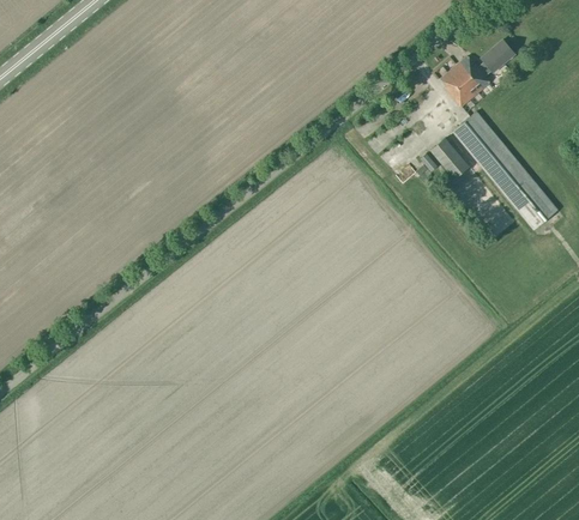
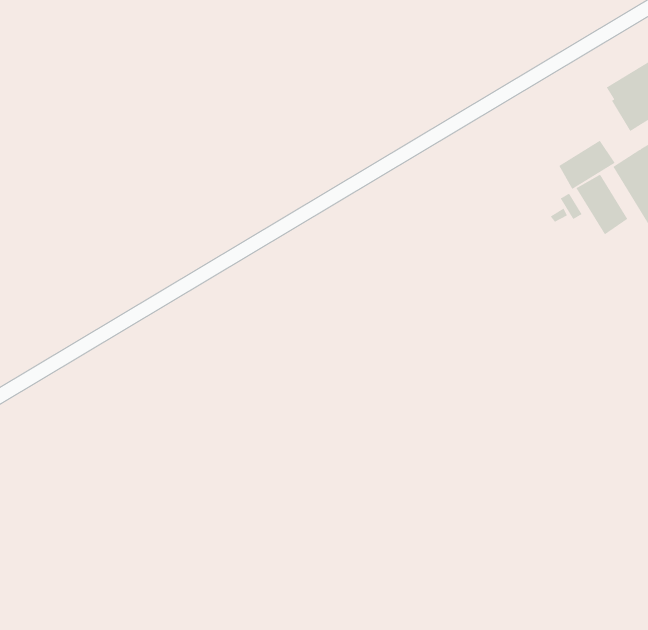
building: none -> [559,140,615,190]

